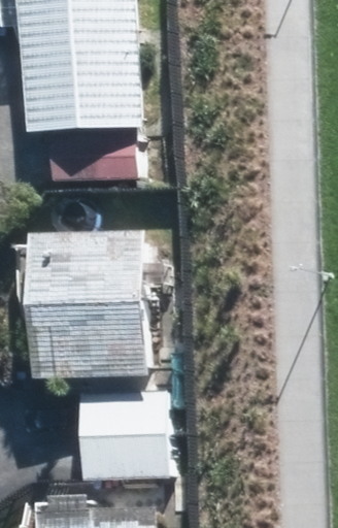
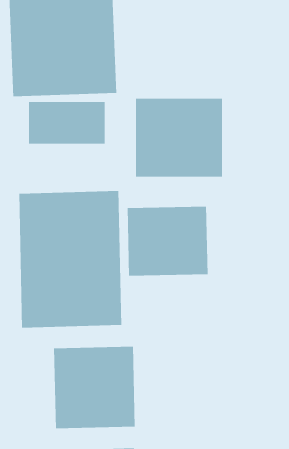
building: none -> [135,98,223,177]
building: none -> [127,206,208,277]

